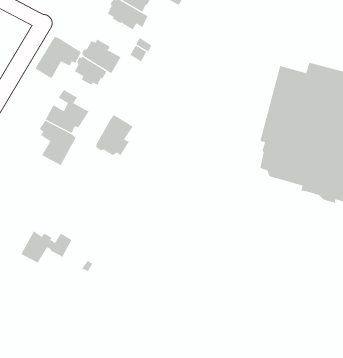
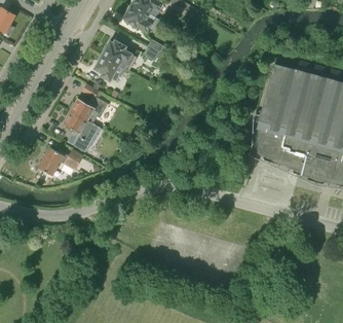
building: [35,36,82,79] -> none
building: [95,114,134,156] -> none
building: [20,230,72,263] -> [38,147,83,176]

